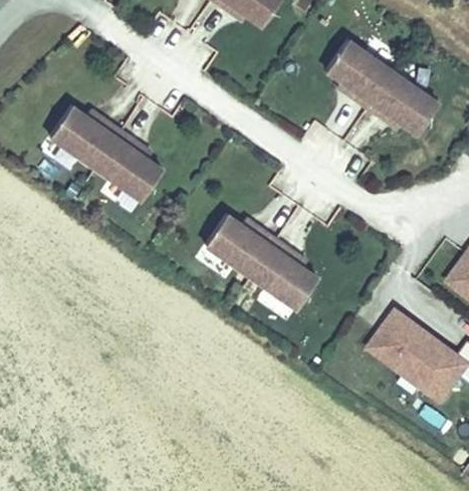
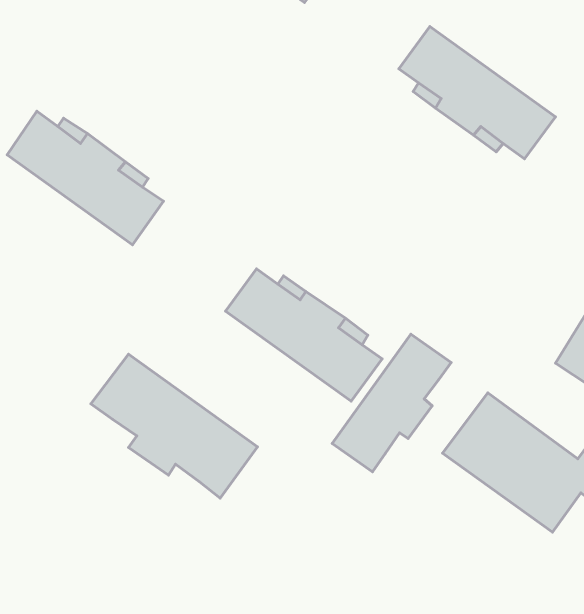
building: none -> [332,334,451,472]
building: none -> [91,354,257,498]

